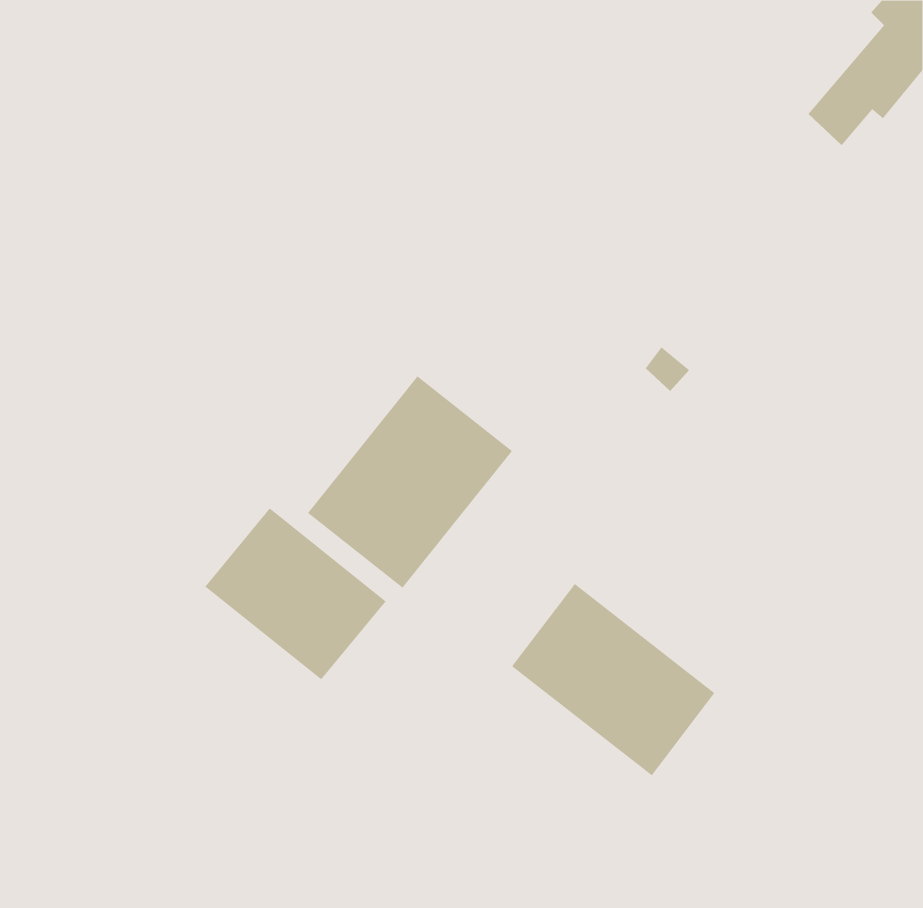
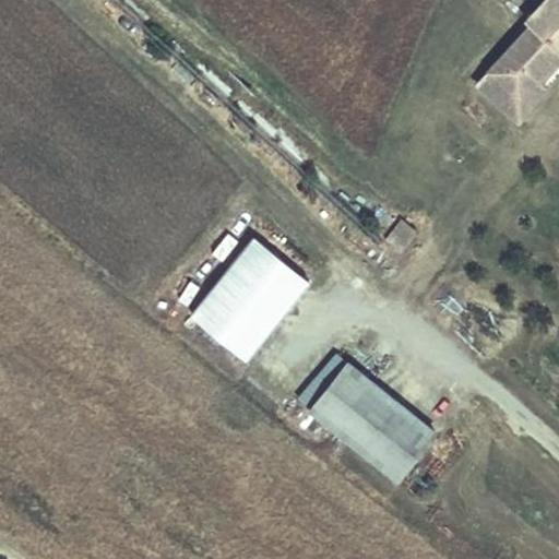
building: none -> [475,75,546,127]
building: [205,507,386,680] -> none

